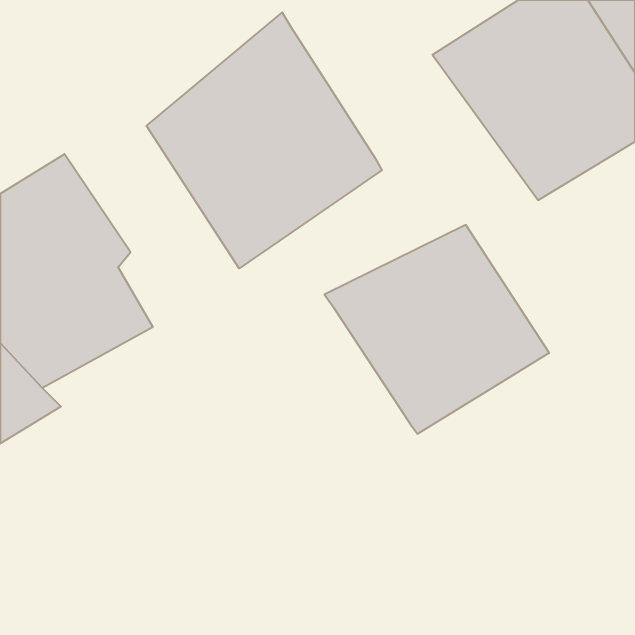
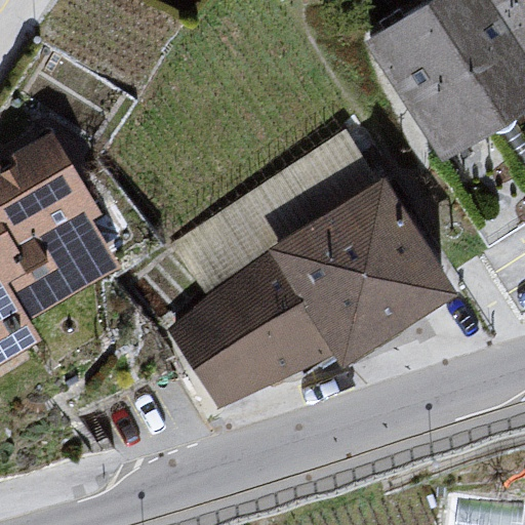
building: [146,12,382,268] -> none
building: none -> [168,253,338,403]

